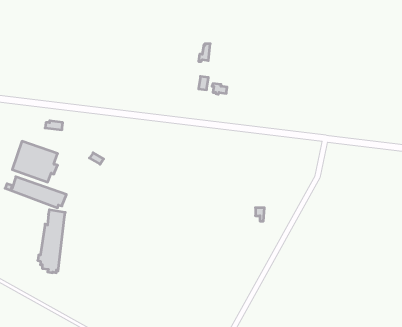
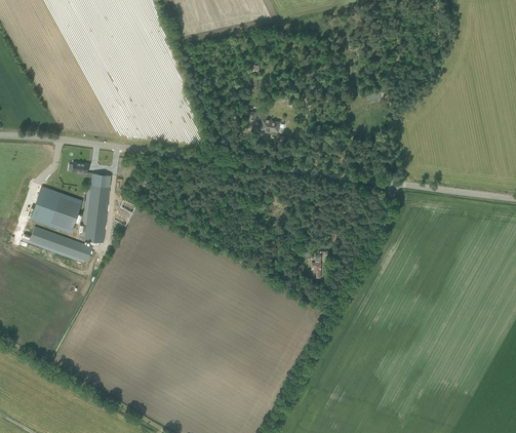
building: [38,210,65,273] -> [79,172,111,245]

